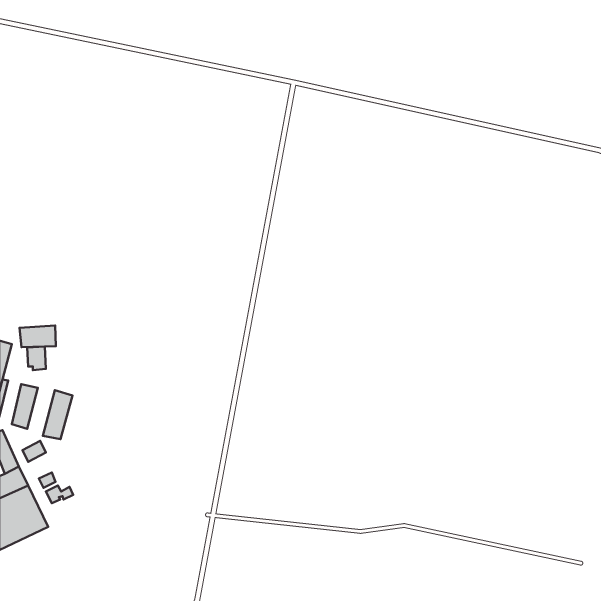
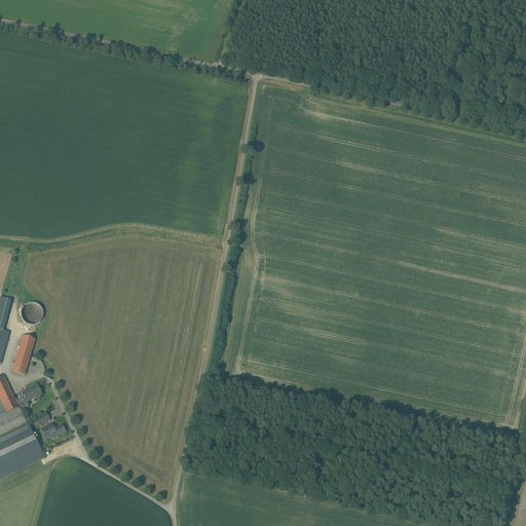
building: [20,326,56,347] -> none
building: [43,390,73,439] -> none

